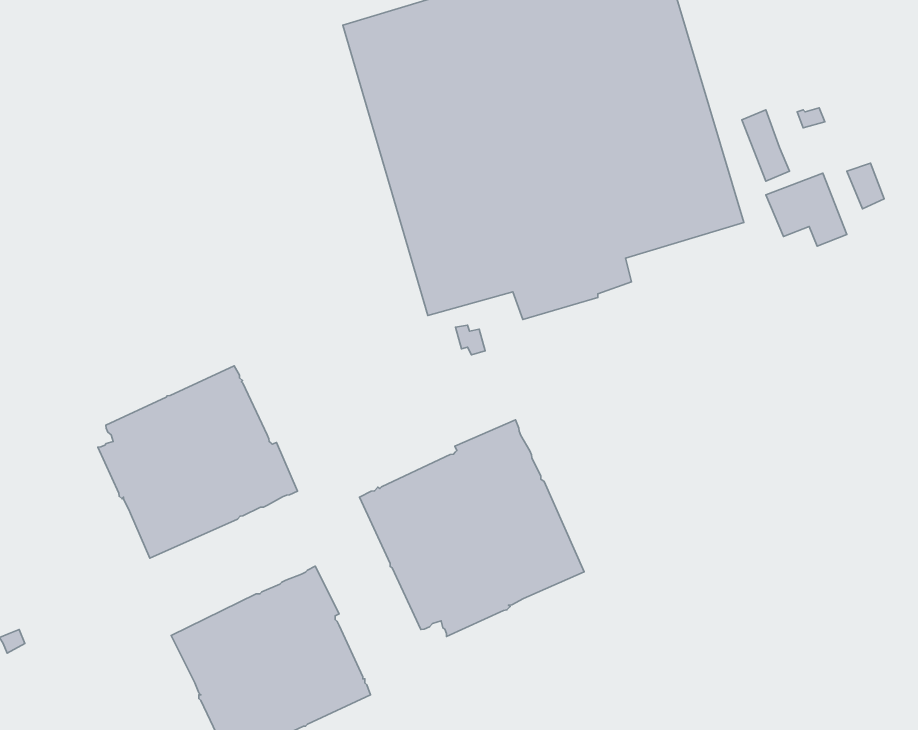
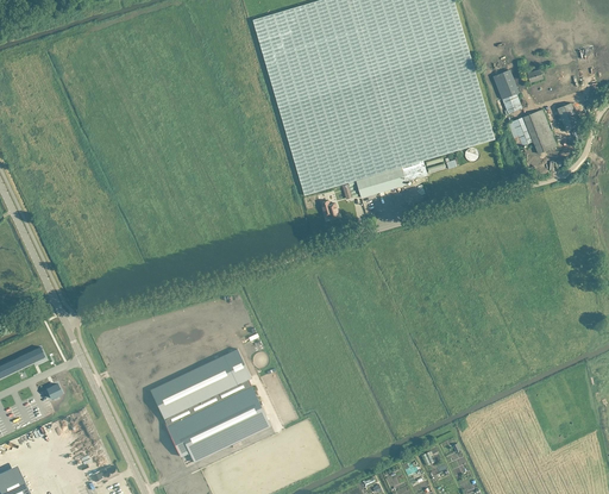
building: [98,366,298,558] -> none
building: [360,420,584,636] -> none

